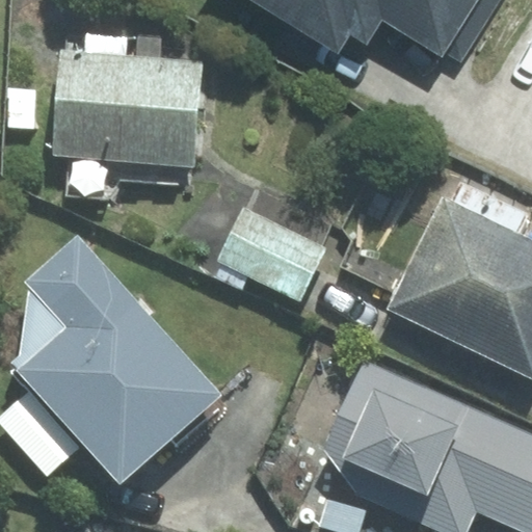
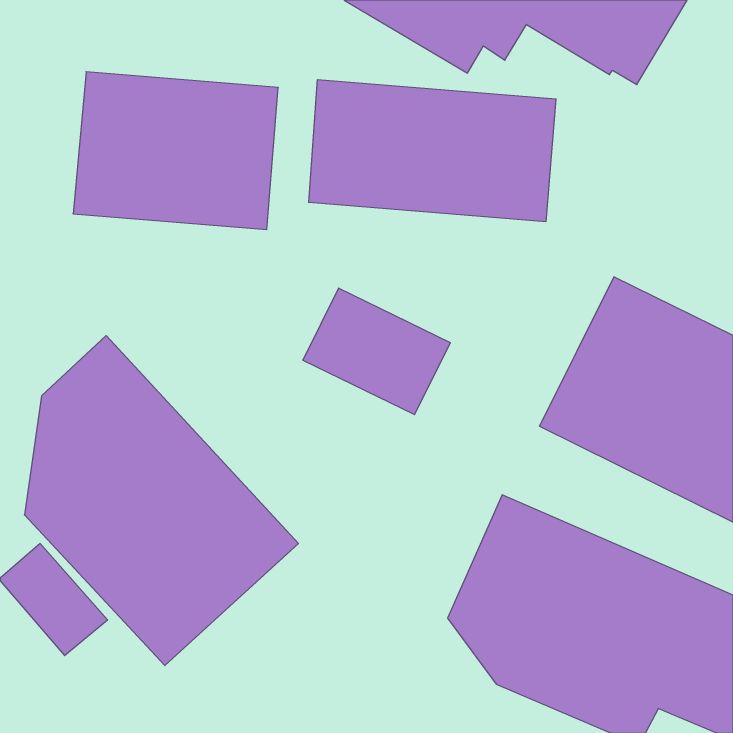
building: none -> [309,80,556,222]

